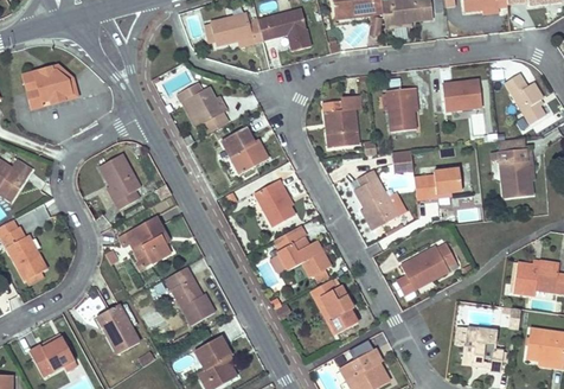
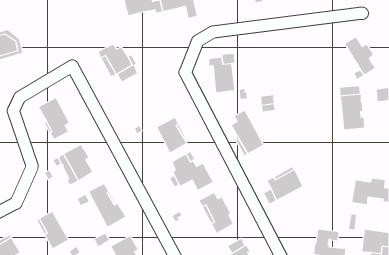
building: [442,79,481,111] -> none
building: [385,88,416,132] -> none
building: [222,127,269,174] -> none
building: [414,168,462,199] -> none

